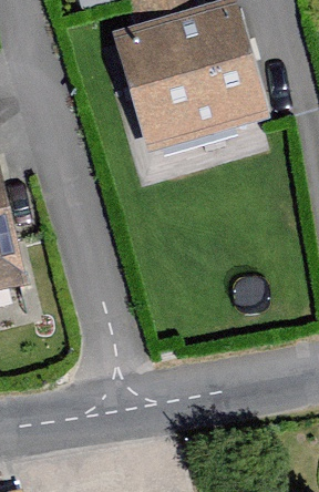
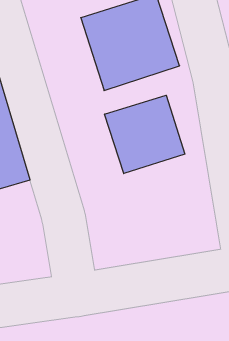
building: none -> [105,95,185,174]

